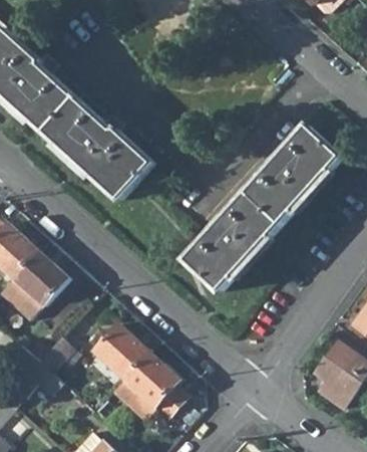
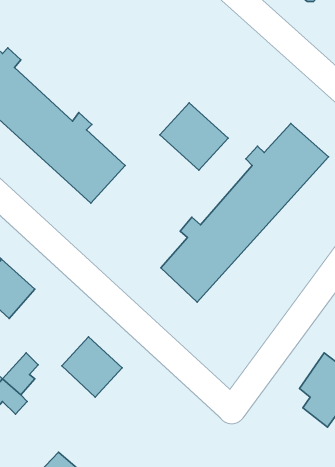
building: none -> [160,103,228,170]
building: [114,354,187,421] -> none

